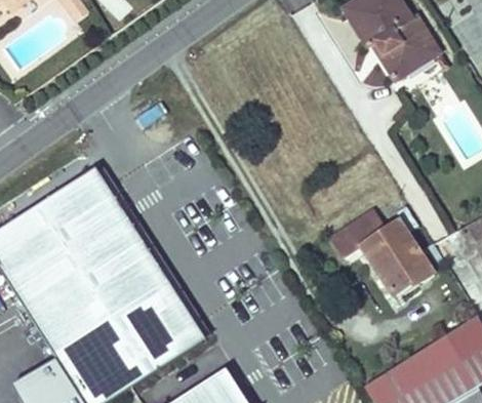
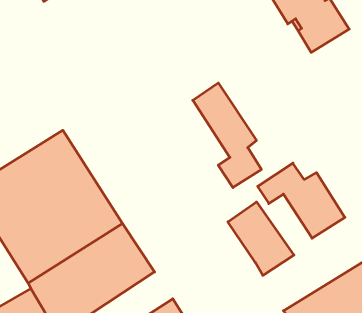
building: none -> [193,83,261,188]
building: none -> [228,202,294,275]

